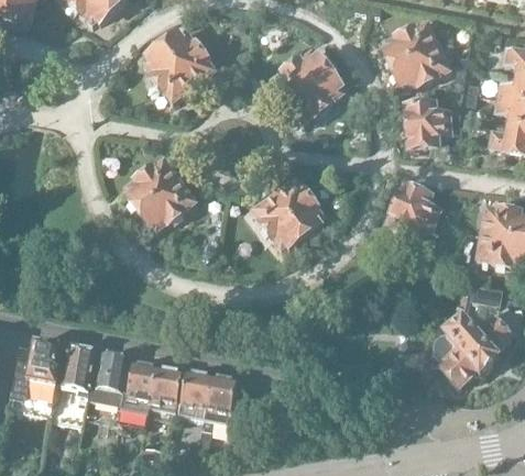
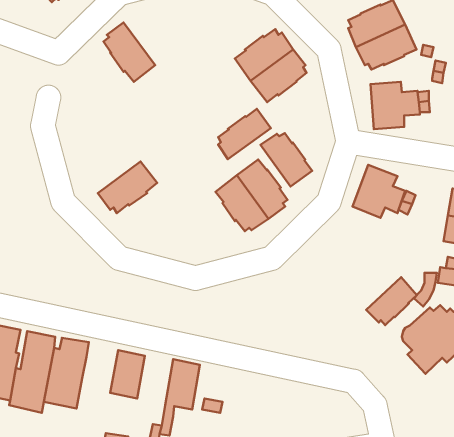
building: [163,29,216,84] -> none
building: none -> [218,109,271,159]
building: none -> [260,133,312,187]
building: [125,157,179,209] -> none
building: none -> [366,277,417,325]
building: [117,358,157,425] -> none
building: [179,367,211,417] -> none

